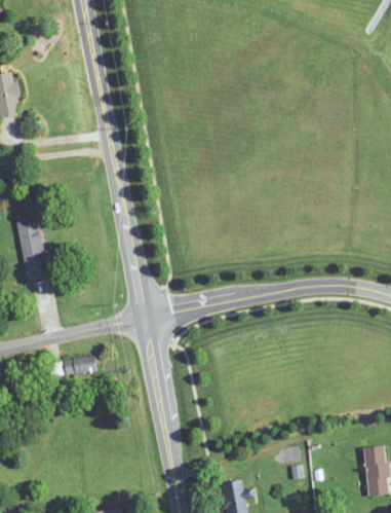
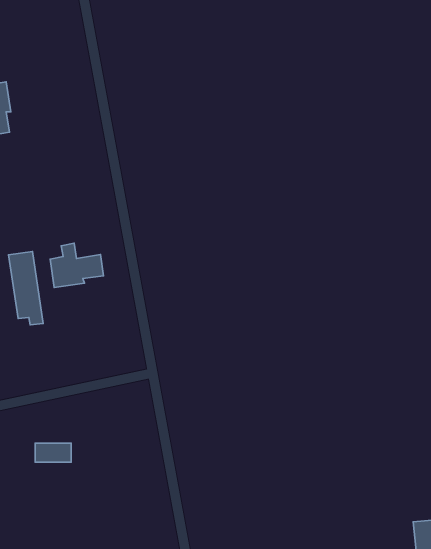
building: none -> [50,243,103,288]
building: [65,358,95,374] -> [35,443,71,462]

